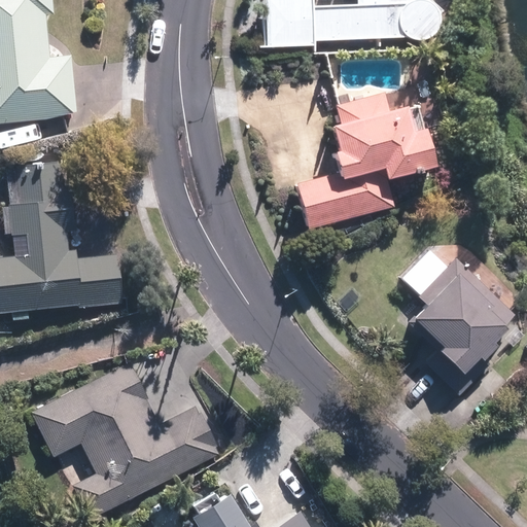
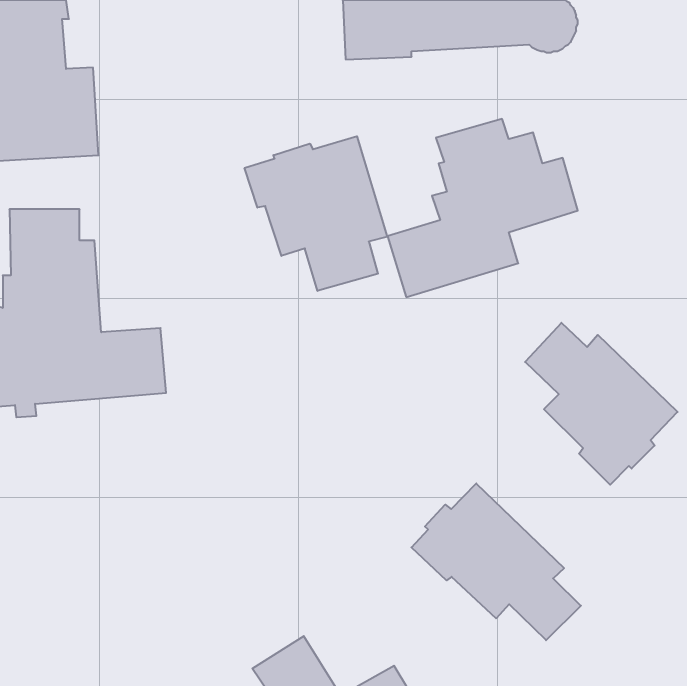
building: none -> [245,136,387,291]
building: [29,361,210,520] -> none
building: none -> [411,483,581,640]

